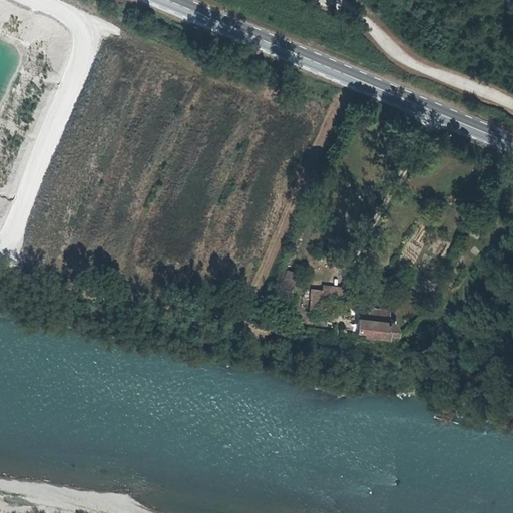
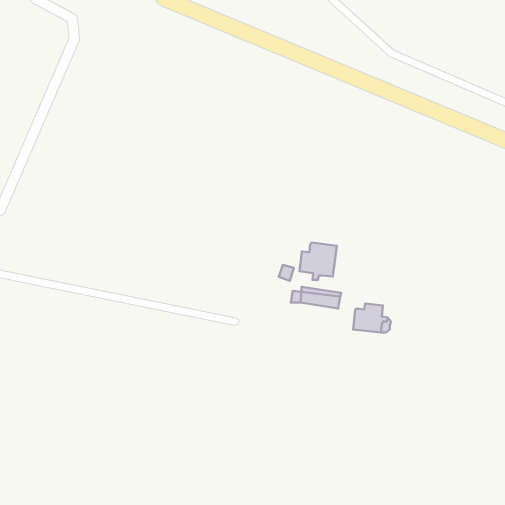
building: none -> [299,243,337,280]

